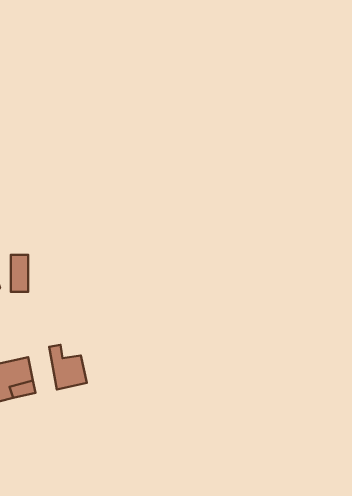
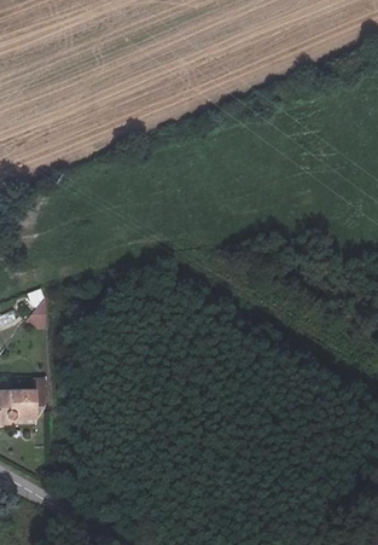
building: [49,345,87,389] -> none

